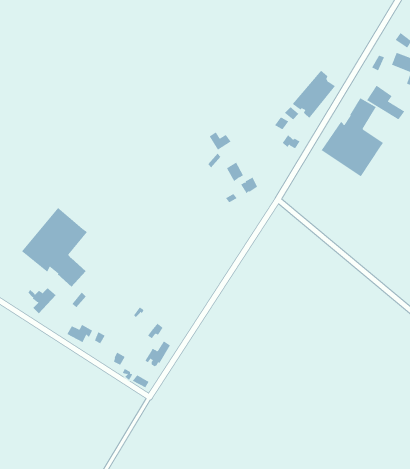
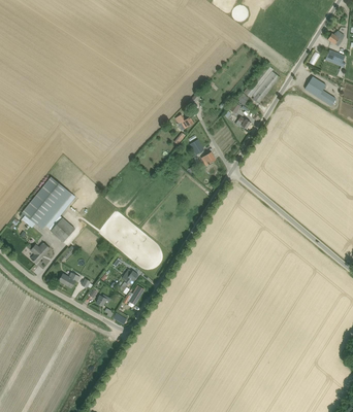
building: [321,98,384,177] -> none

